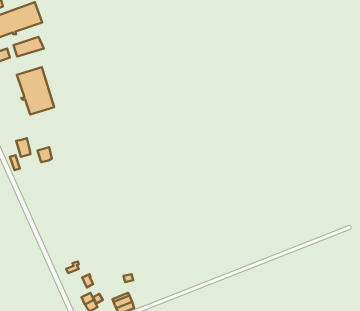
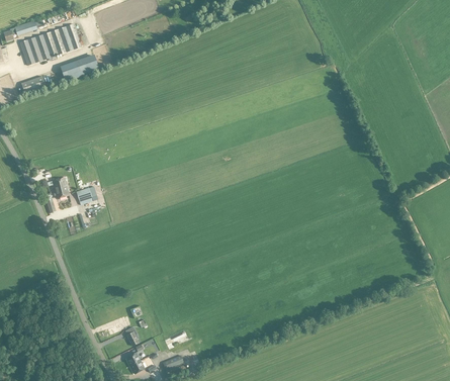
building: [17,67,54,115] -> none

